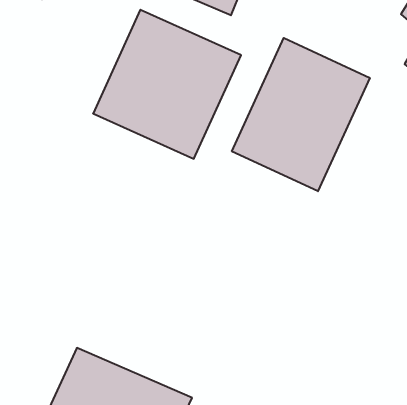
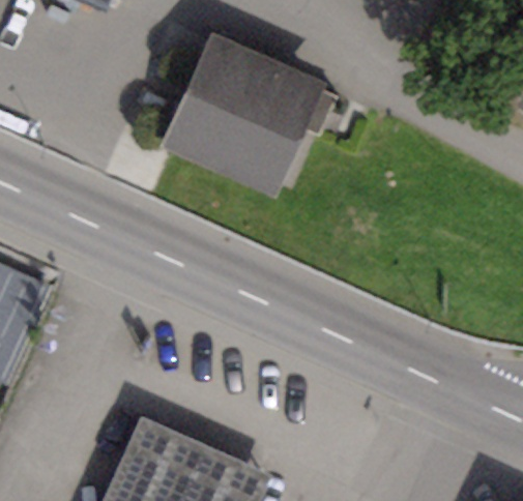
building: [232,38,370,191] -> none

